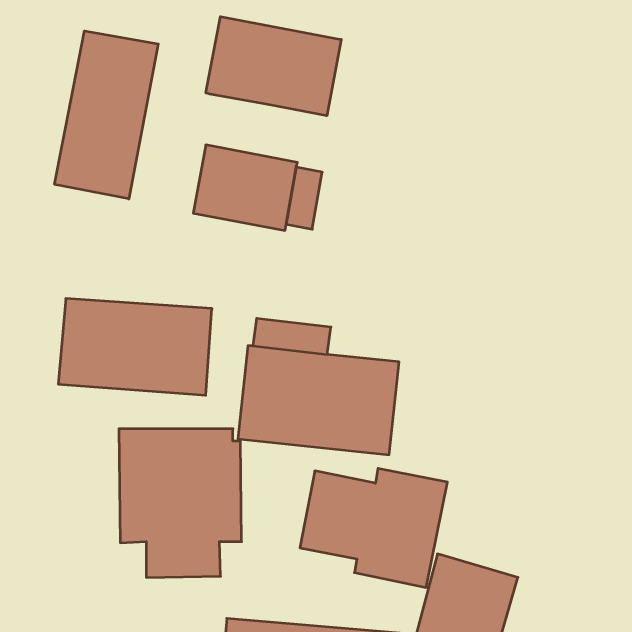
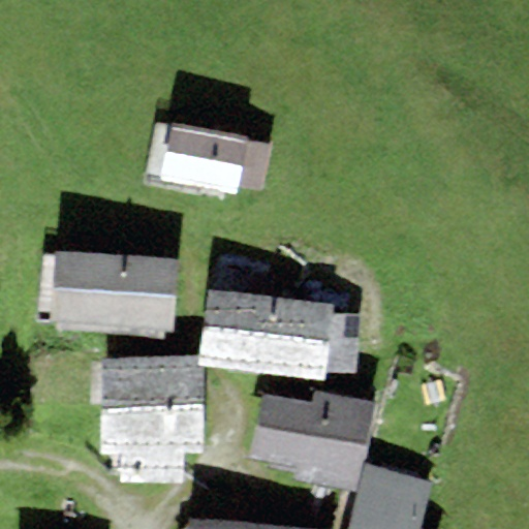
building: [206,17,341,116] -> none
building: [55,31,158,199] -> none

